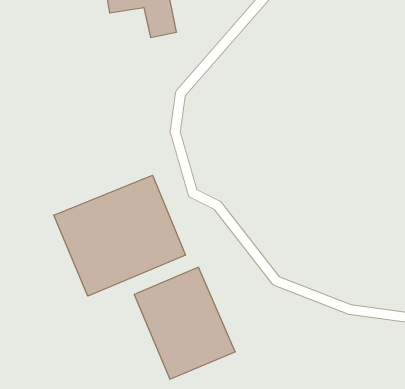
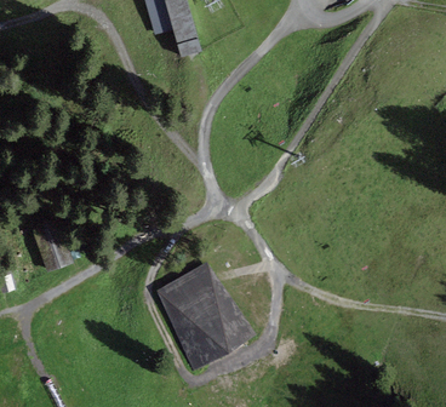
building: [54,175,185,296] -> none

